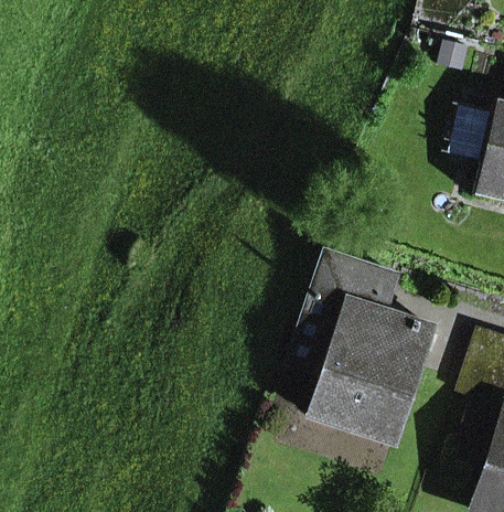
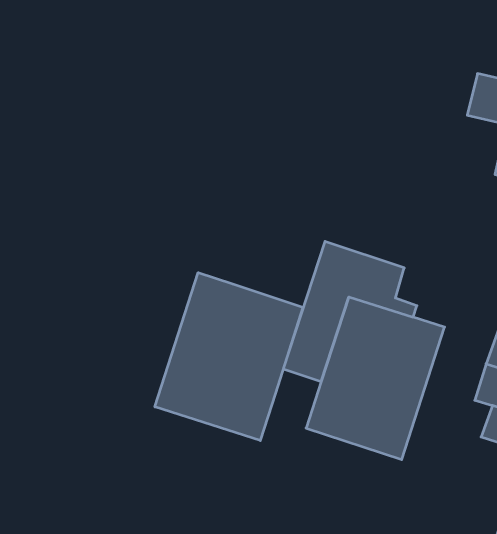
building: none -> [155,273,303,441]

